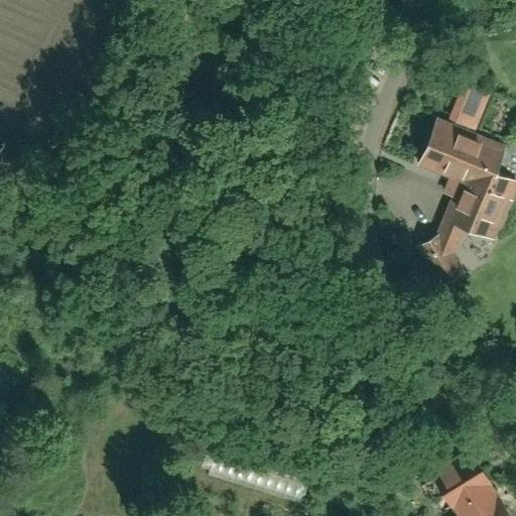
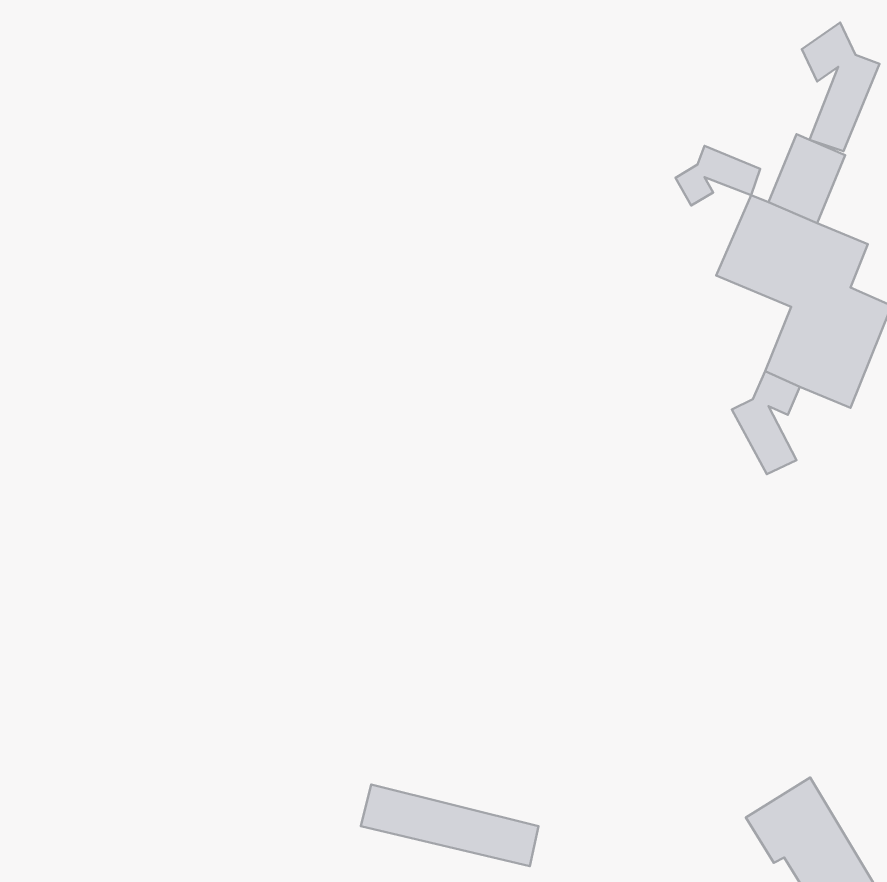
building: none -> [802,23,880,151]
building: none -> [675,146,760,206]

